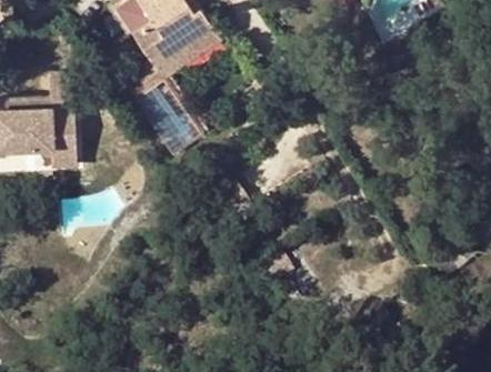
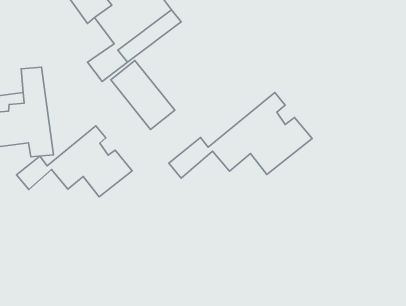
building: none -> [169,93,312,178]
building: none -> [17,126,132,197]

